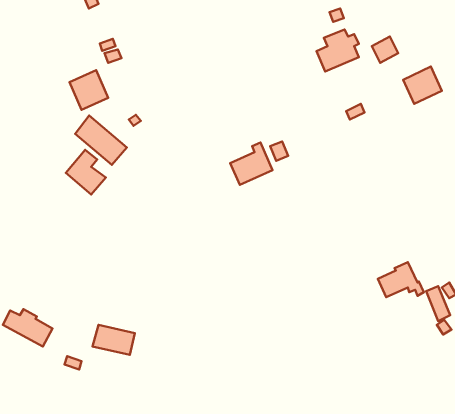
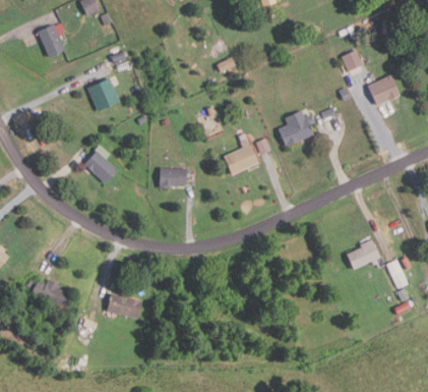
building: none -> [36,22,64,57]
building: [317,29,359,72] -> [278,110,313,146]
building: [75,115,127,165] -> none
building: none -> [159,167,186,187]

